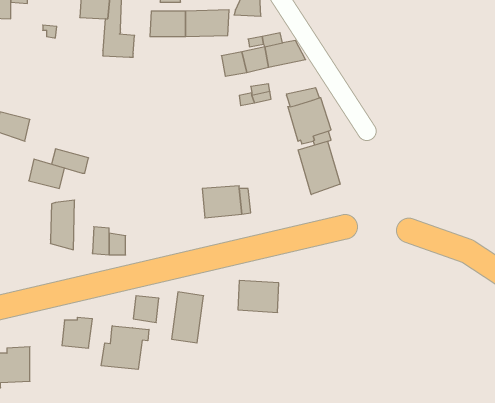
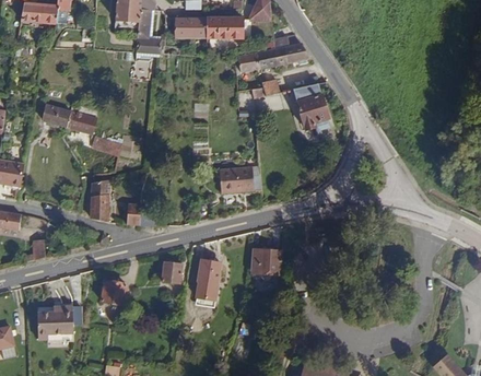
building: [298,141,340,195] -> none
building: [29,159,65,188] -> [68,109,98,134]
building: [101,326,149,369] -> none

